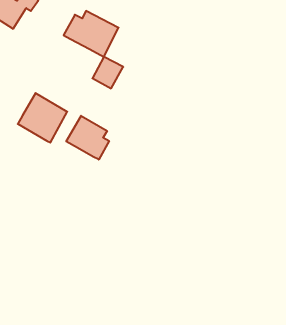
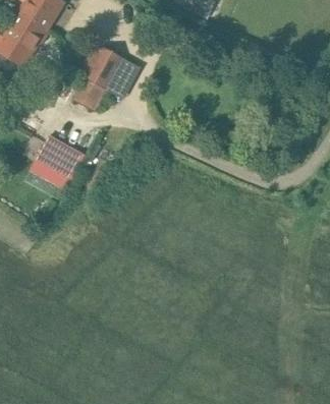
building: [92,57,123,88] -> [74,76,108,111]
building: [66,116,109,160] -> none

